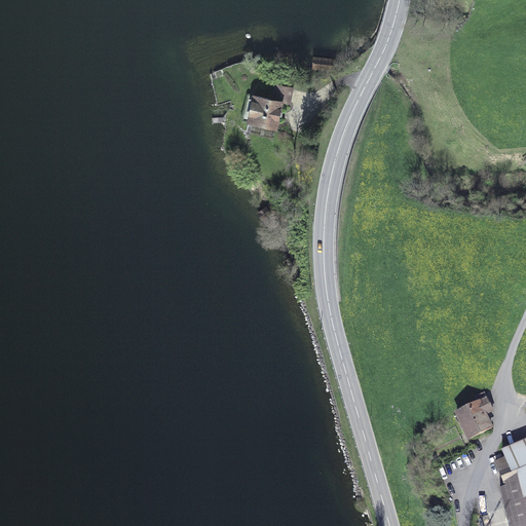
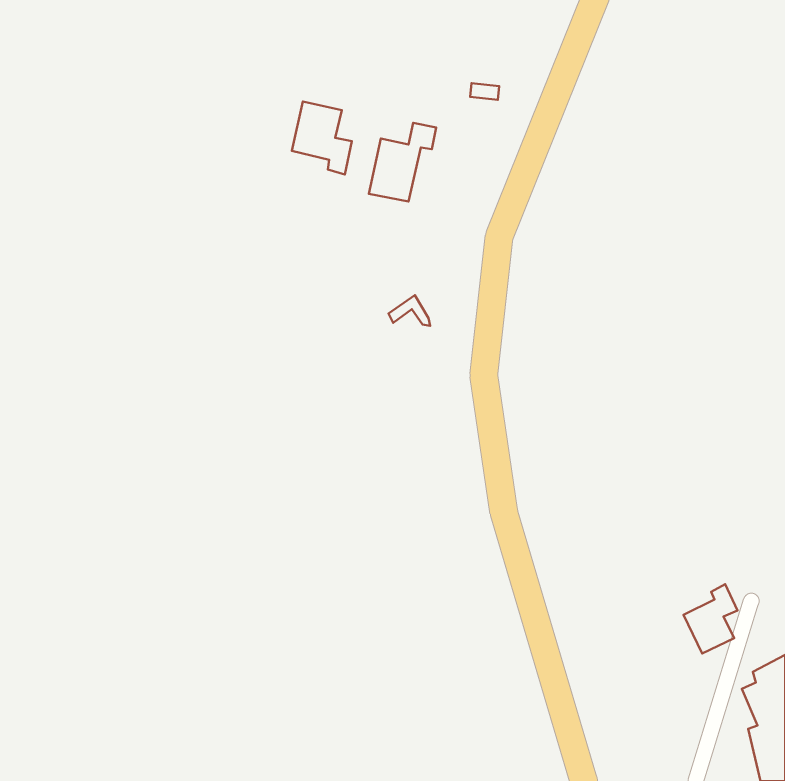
building: none -> [292,102,352,175]

